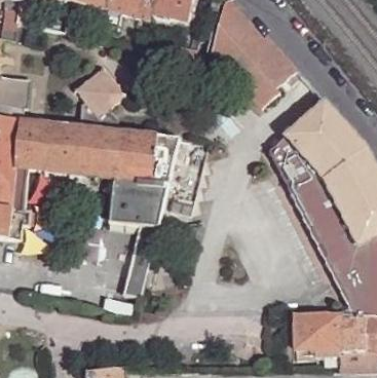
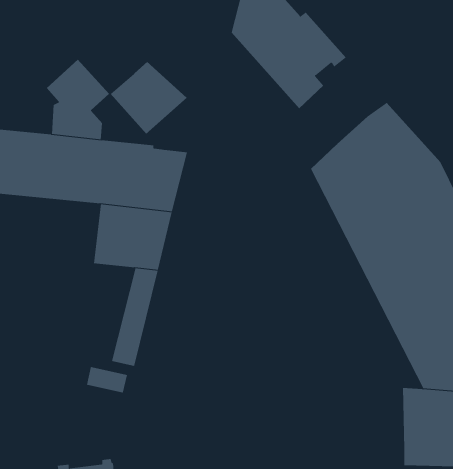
building: none -> [110,61,187,135]
building: [295,311,338,357] -> none

